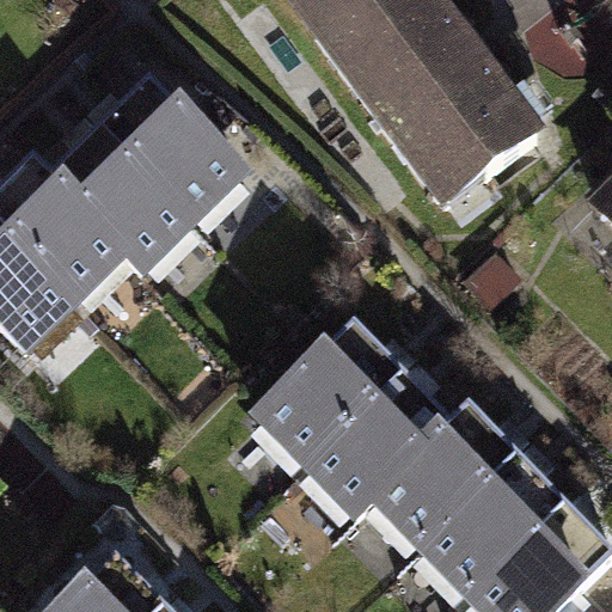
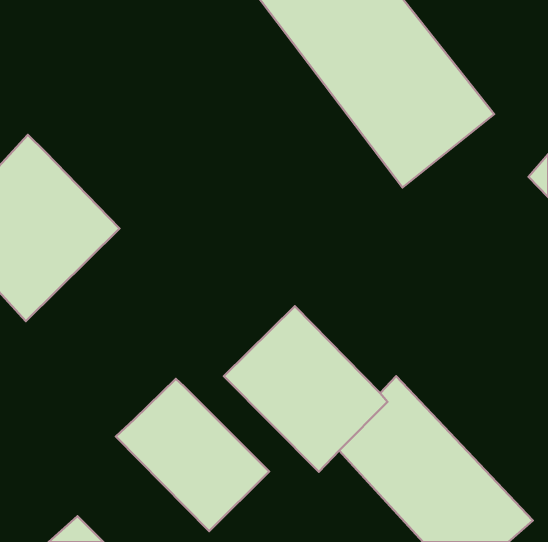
building: [50,72,253,270] -> none
building: none -> [116,379,269,531]

